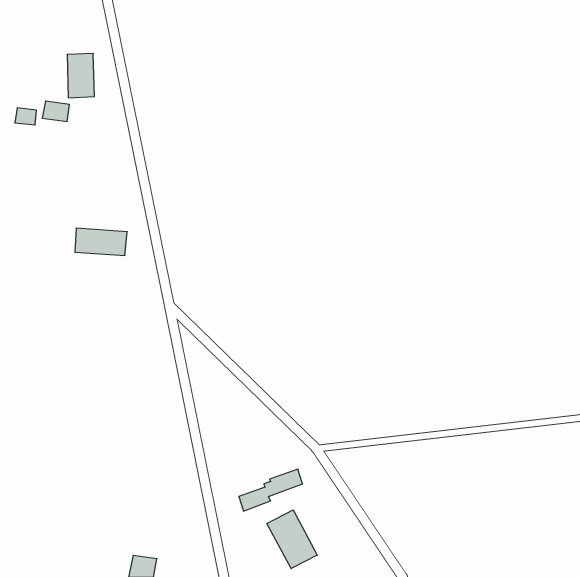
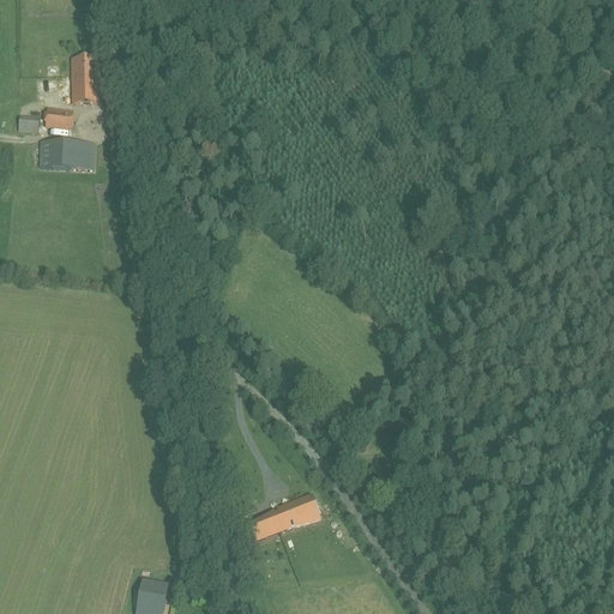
building: [75,228,127,256] -> [40,140,95,169]
building: [267,510,317,569] -> none

